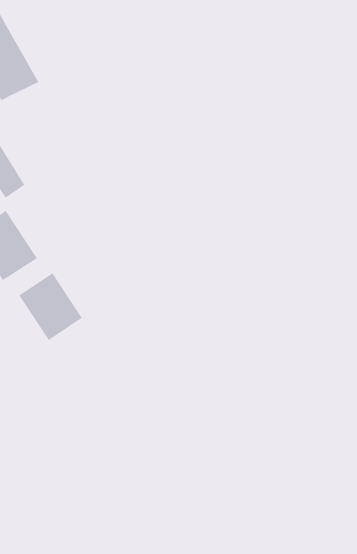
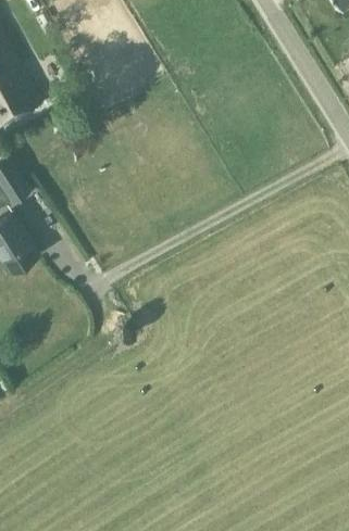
building: [19,272,83,341] -> none

